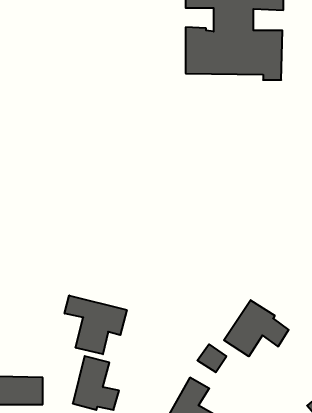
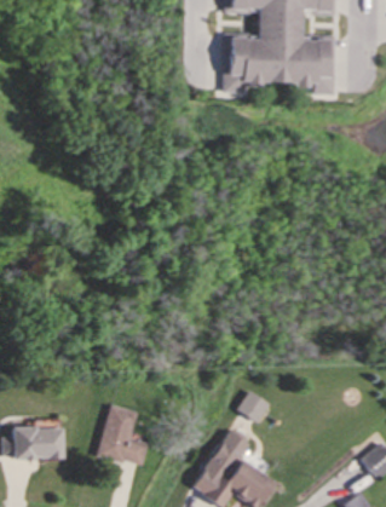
building: [65,295,127,354] -> none
building: [224,300,289,356] -> none

